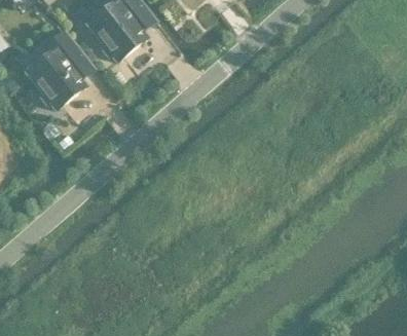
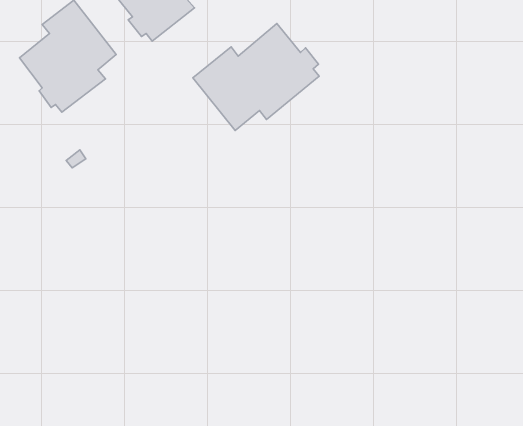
building: none -> [193,23,319,131]

